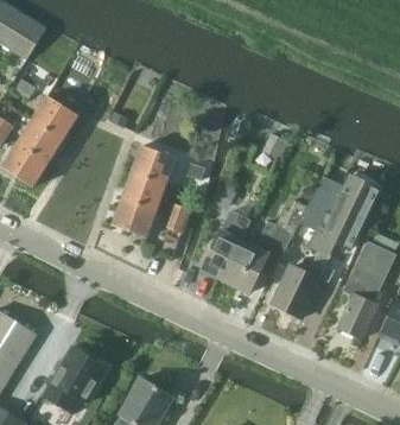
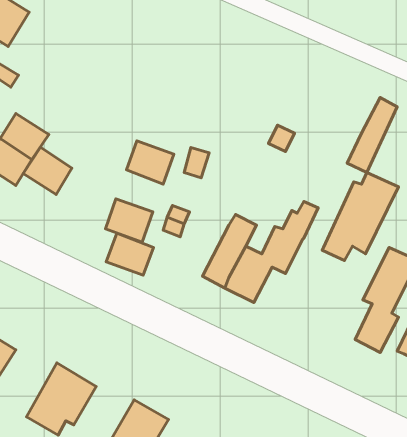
building: [33,96,77,139] -> [23,147,72,195]
building: [123,171,166,209] -> [106,233,154,275]
building: [293,173,338,241] -> [347,98,397,172]
building: [273,248,330,316] -> none

